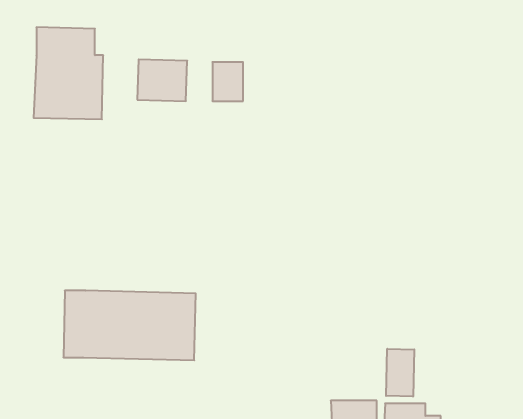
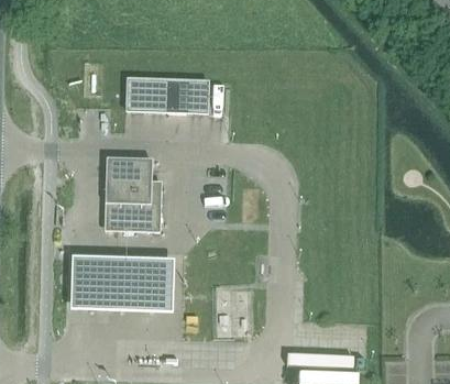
building: [34,27,103,119] -> [105,156,160,229]
building: none -> [165,77,186,109]
building: [386,349,414,397] -> none

